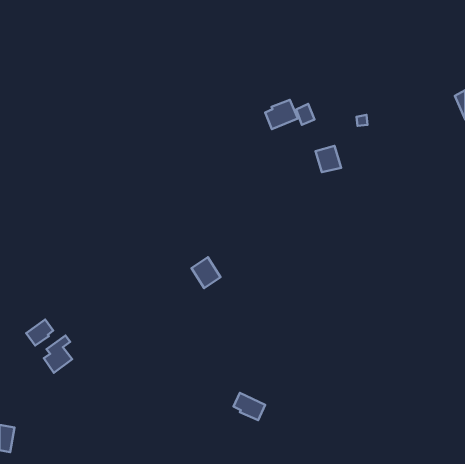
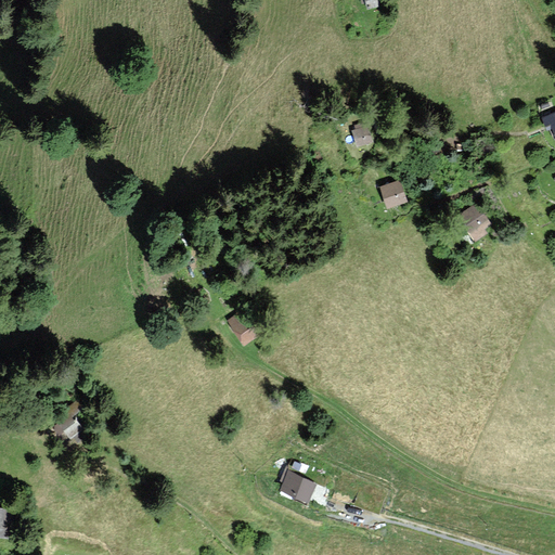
building: [265,100,298,129] -> none
building: none -> [456,204,490,241]
building: [26,320,53,346] -> none

